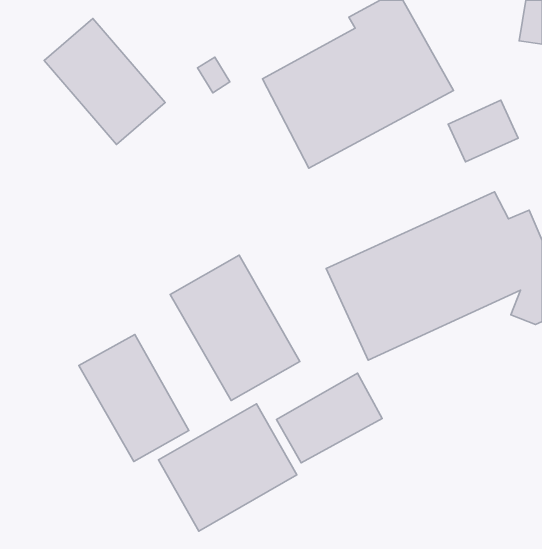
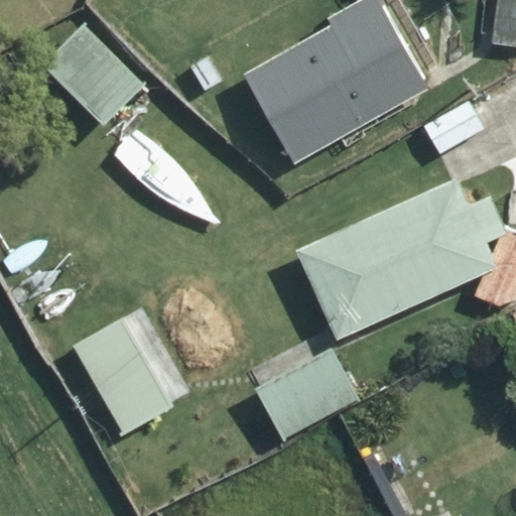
building: [170,255,300,400] -> none
building: [158,404,297,531] -> none

